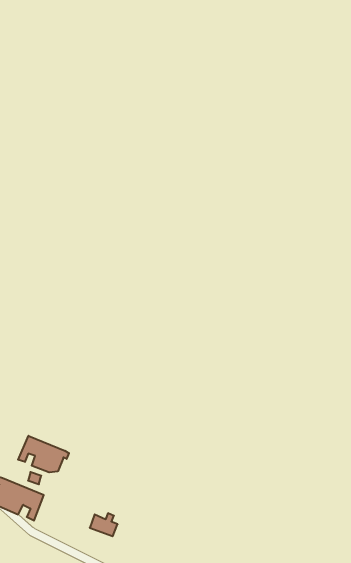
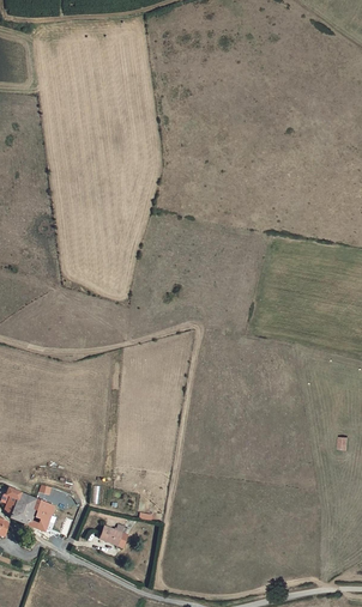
building: [18,436,69,472] -> none

